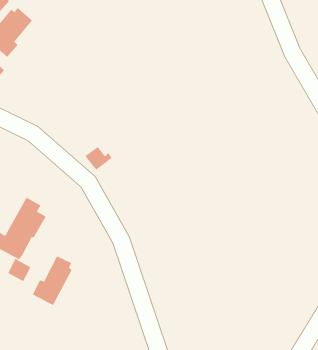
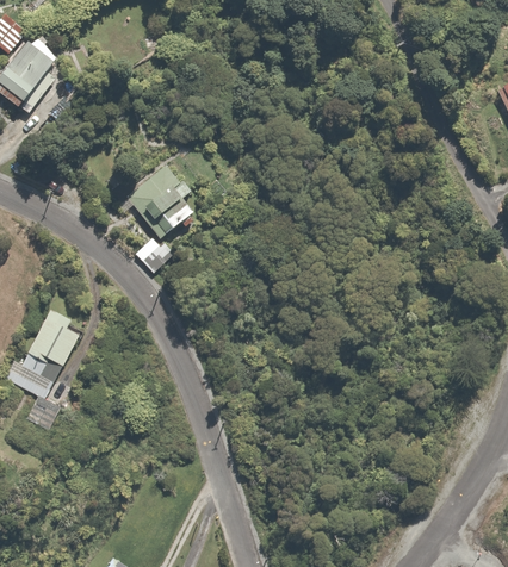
building: none -> [117,167,194,241]
building: [32,255,73,306] -> none

